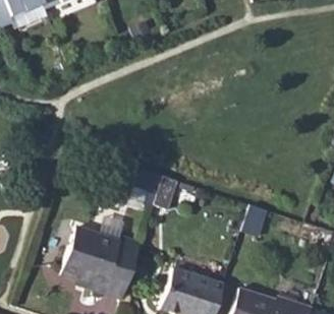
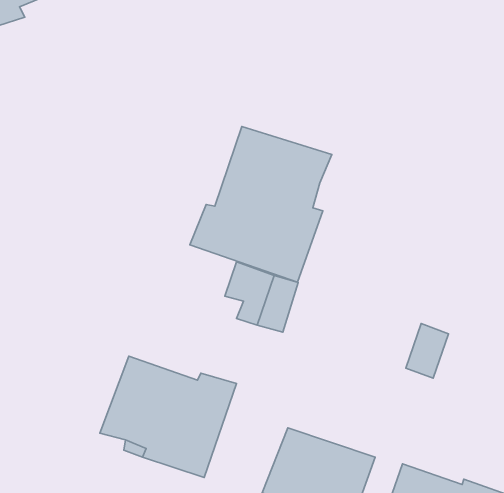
building: none -> [190,126,332,282]

